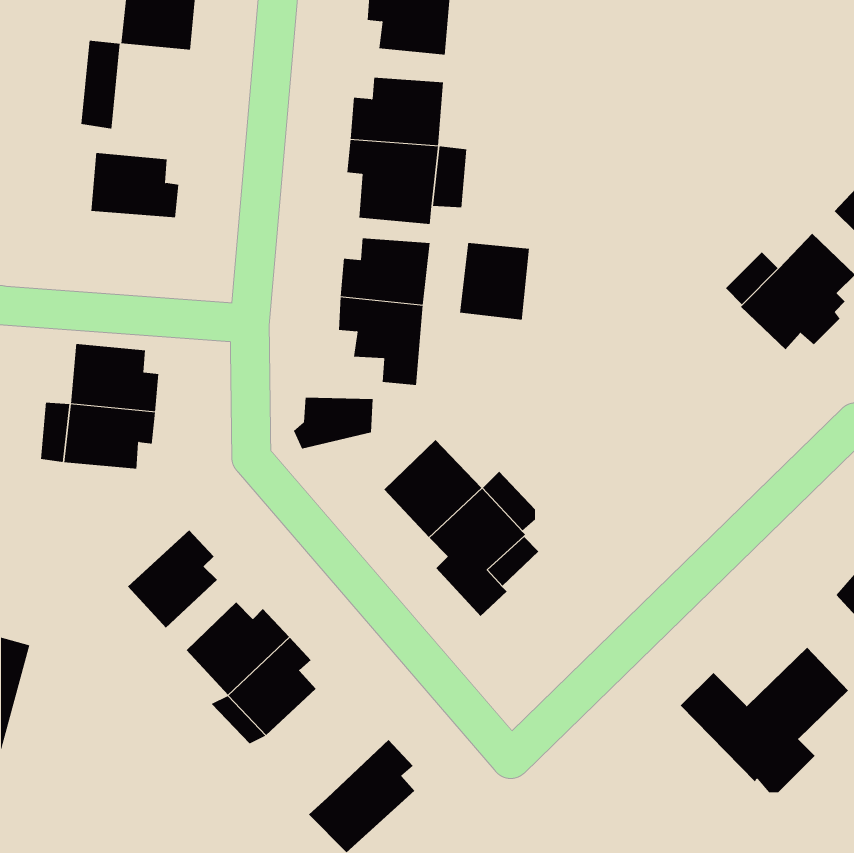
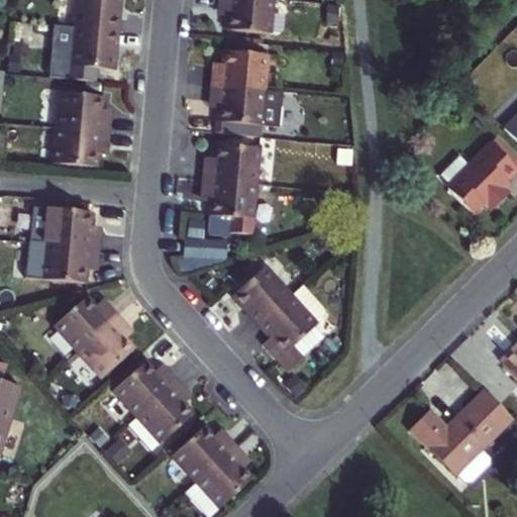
building: none -> [69,26,116,81]
building: none -> [53,127,107,165]
building: [460,242,530,320] -> none
building: none -> [55,299,115,353]
building: none -> [174,426,235,481]

